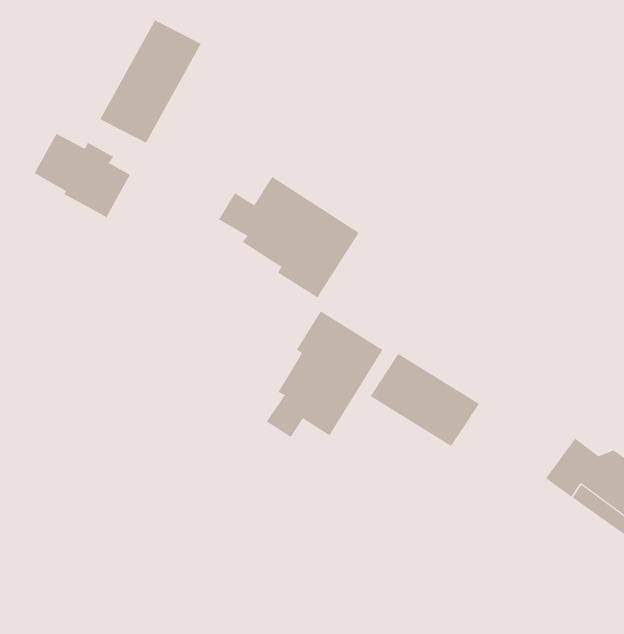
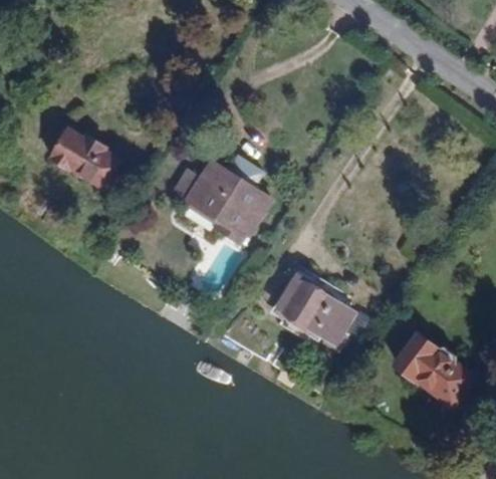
building: [99,19,202,144] -> none
building: [266,311,383,438] -> none

